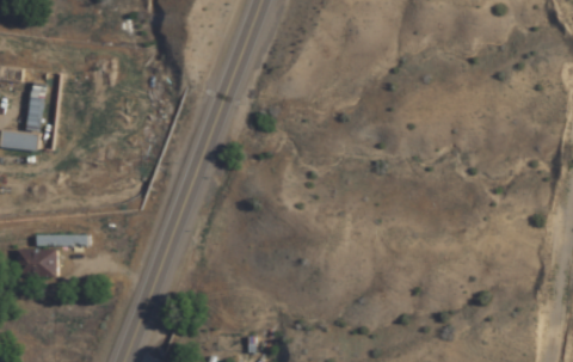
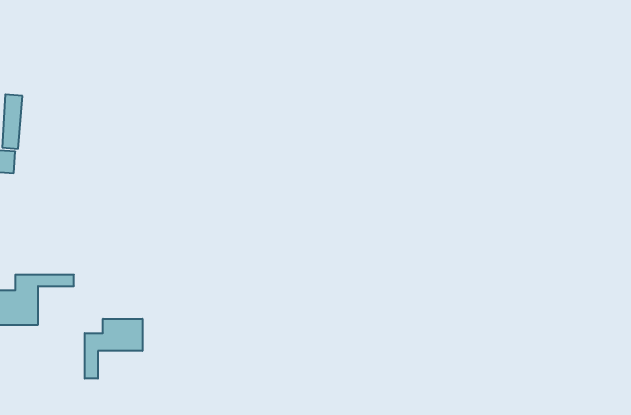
building: none -> [85,319,142,379]

